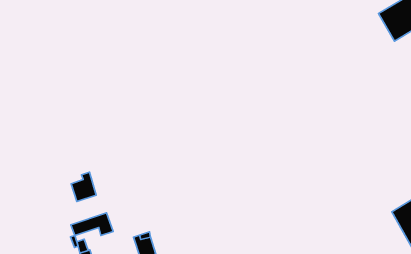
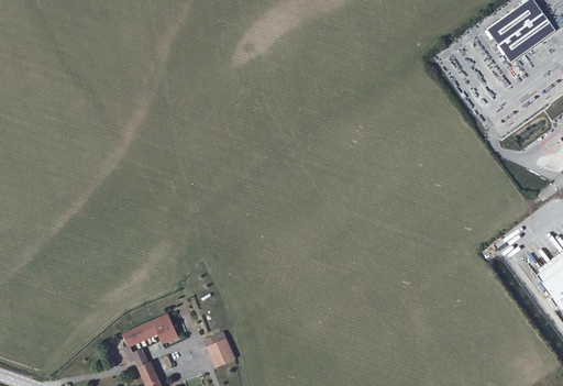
building: [71,172,96,202] -> none

